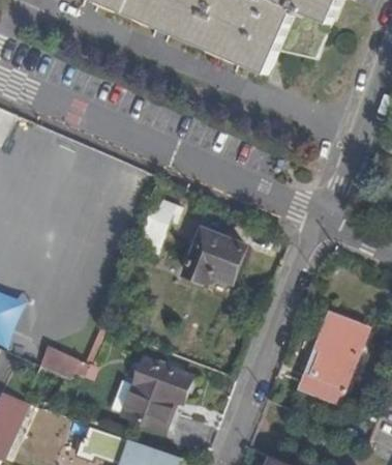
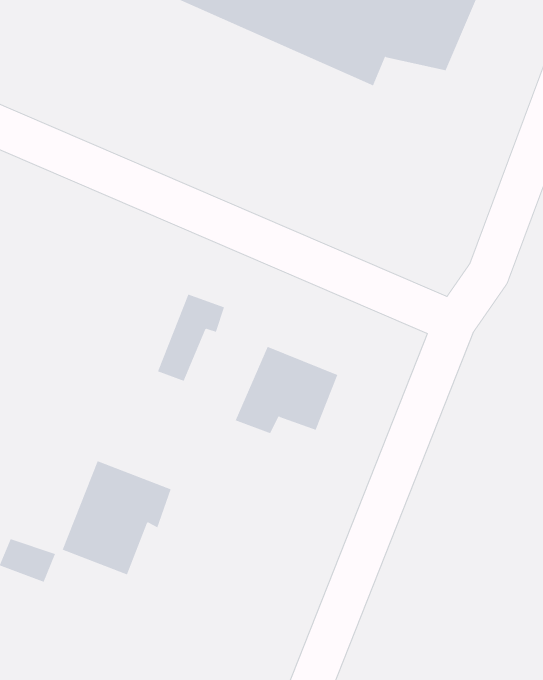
building: [299,314,363,403] -> none
building: [120,358,187,429] -> [62,461,171,575]

